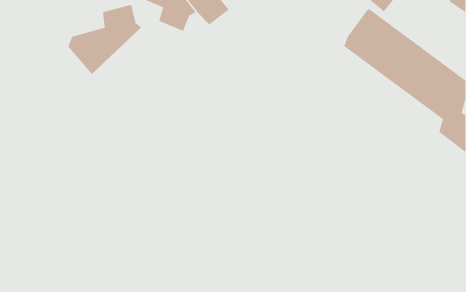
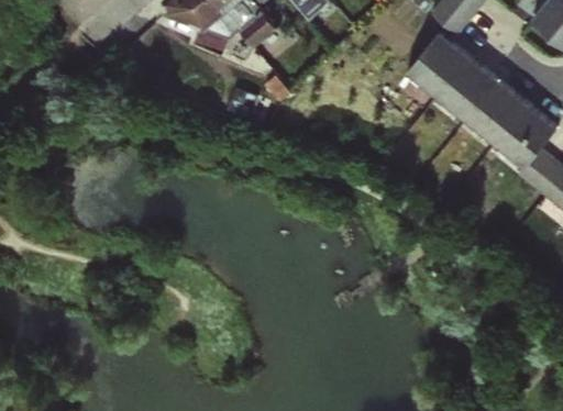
building: [68,4,142,75] -> none

